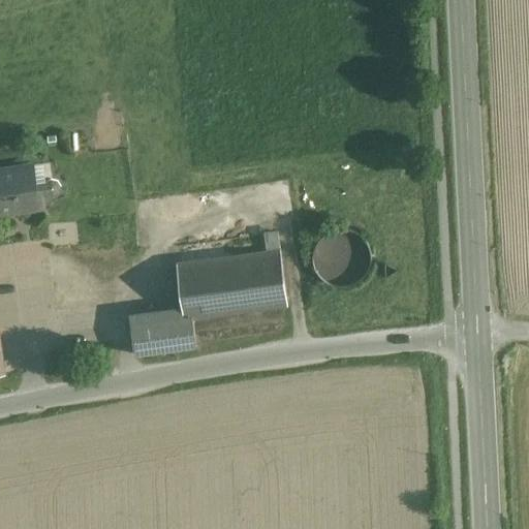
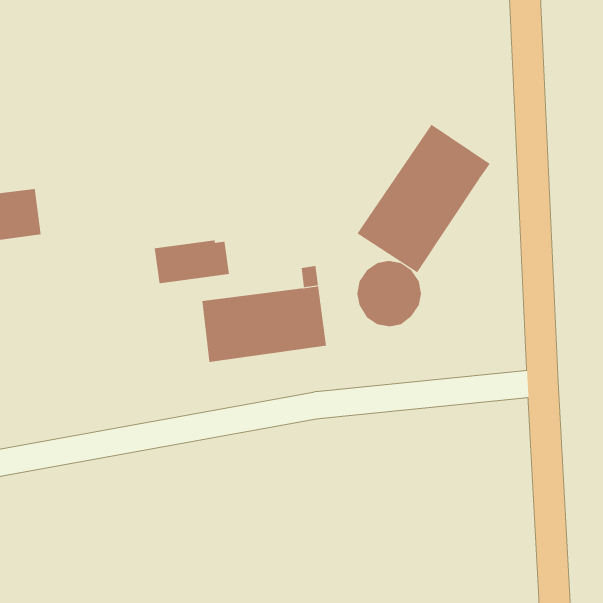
building: none -> [357,124,490,273]
building: [128,314,194,352] -> [154,240,230,284]

